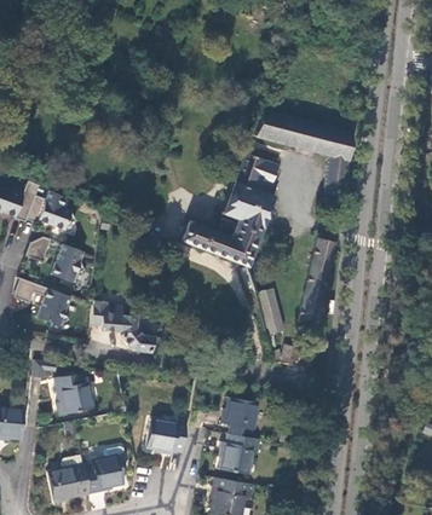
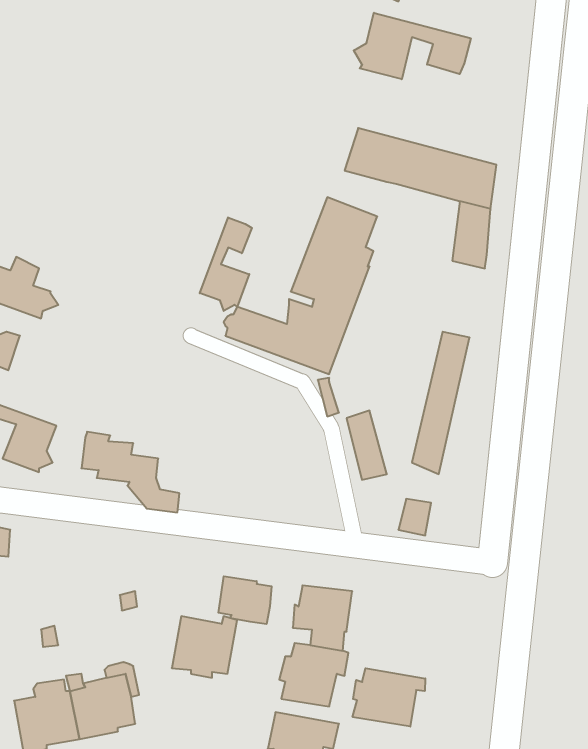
building: none -> [354,13,471,79]
building: none -> [200,217,252,311]
building: [51,245,83,282] -> none
building: [50,375,92,415] -> none
building: none -> [218,576,272,624]
building: none -> [353,668,425,727]

